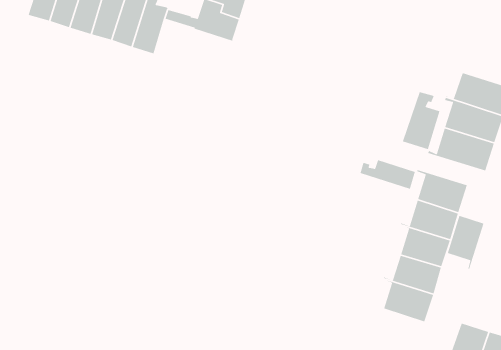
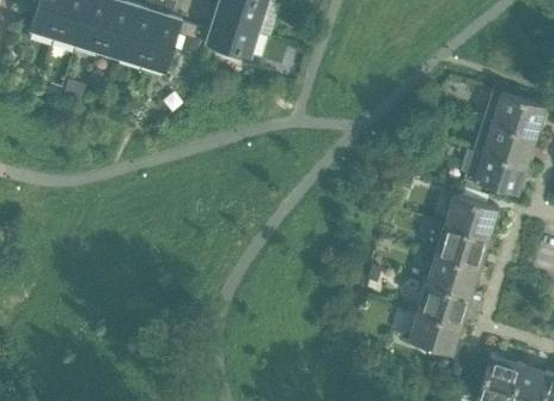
building: [402,91,440,150] -> none
building: [360,159,416,190] -> none
building: [447,215,485,270] -> none

